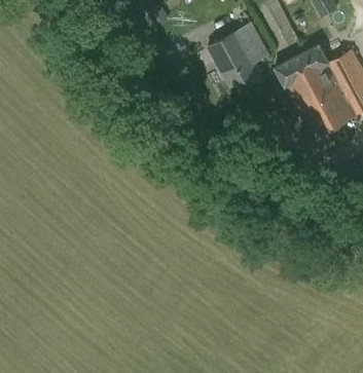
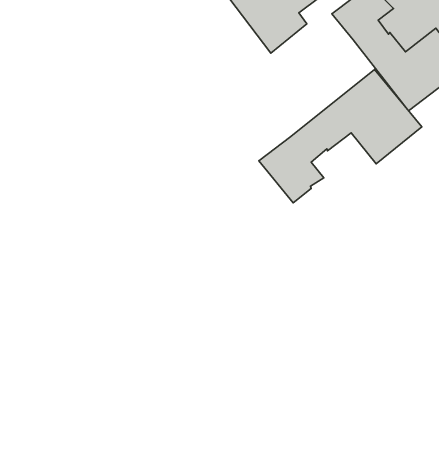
building: none -> [259,69,422,203]

